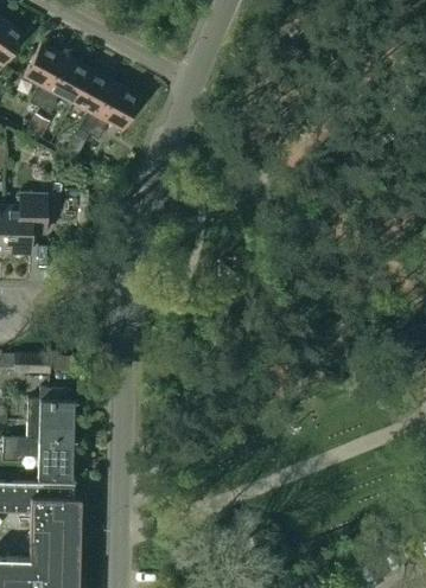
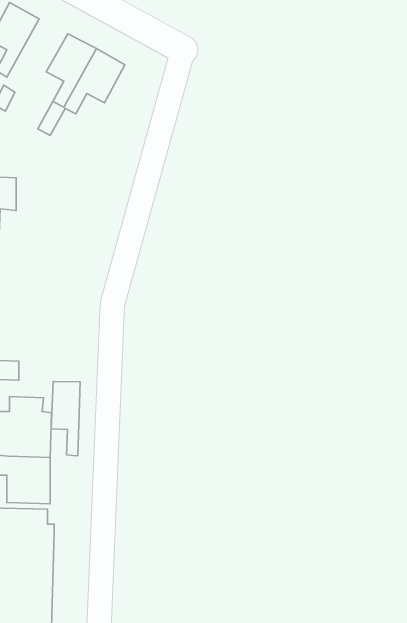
building: [38,56,91,111] -> none
building: none -> [51,381,80,456]

